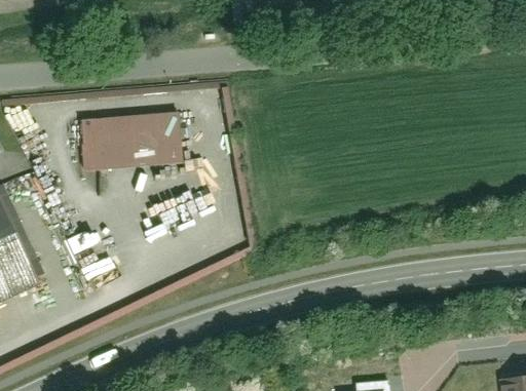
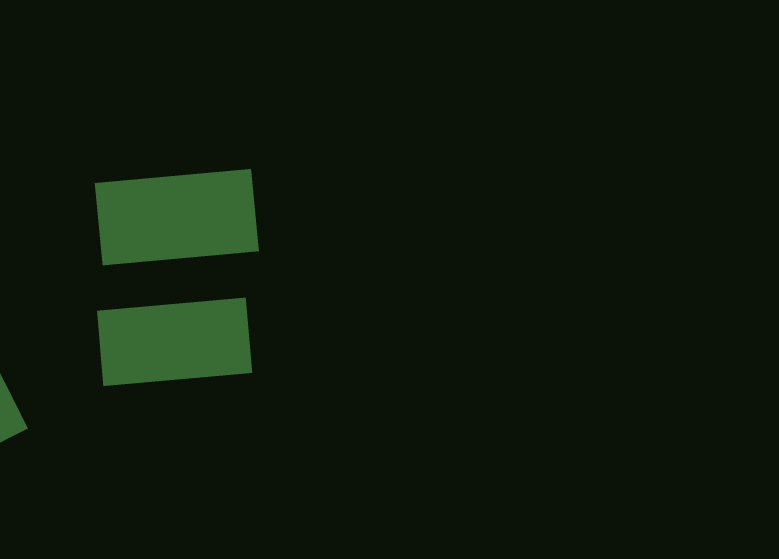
building: none -> [96,297,253,387]

